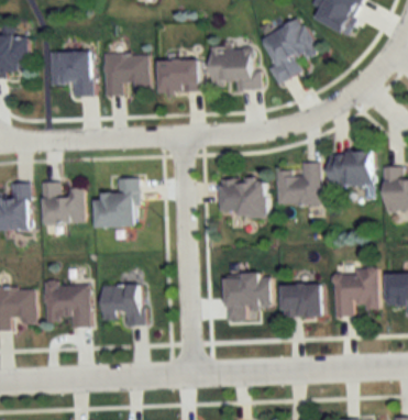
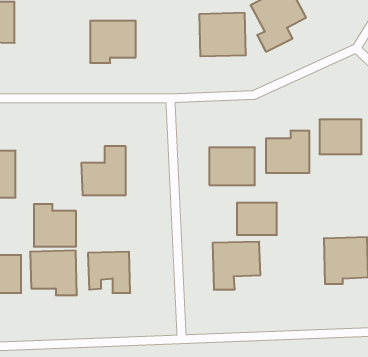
building: [49,53,92,98] -> none
building: [158,62,198,92] -> none
building: [41,183,82,224] -> [34,204,76,247]
building: [282,284,321,316] -> [237,203,277,235]

